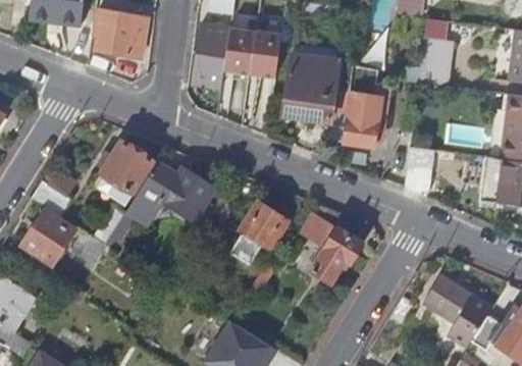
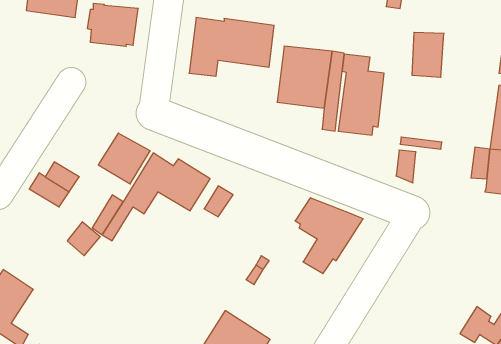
building: [241,204,289,253] -> none
building: [23,211,77,267] -> none
building: [422,278,493,351] -> none

